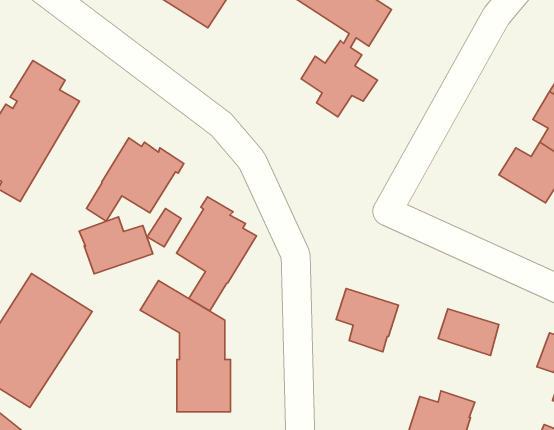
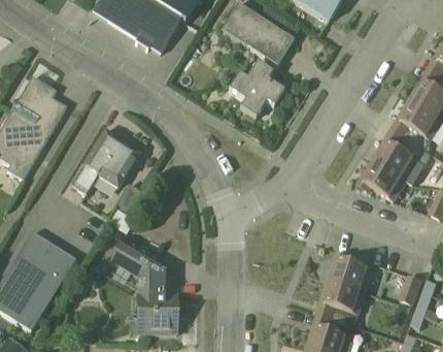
building: none -> [360,159,406,200]
building: [177,197,257,311] -> none
building: [79,217,153,274] -> none
building: [336,288,398,352] -> [320,279,366,325]

